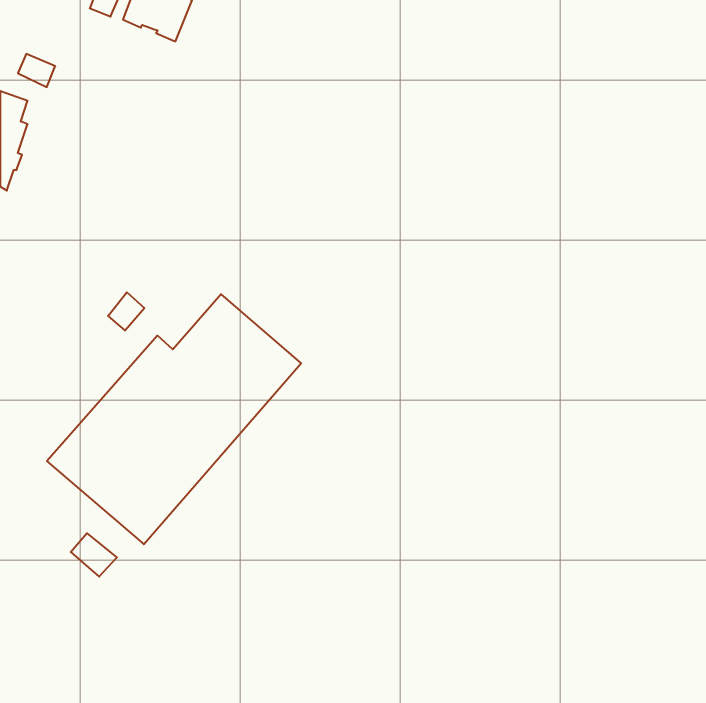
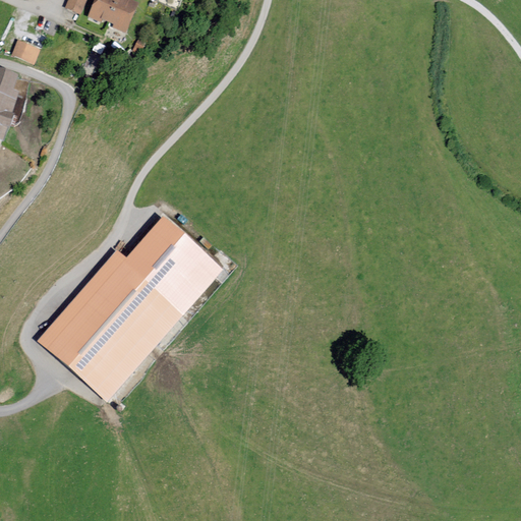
building: [108,292,144,331] -> none
building: [71,533,117,577] -> none

